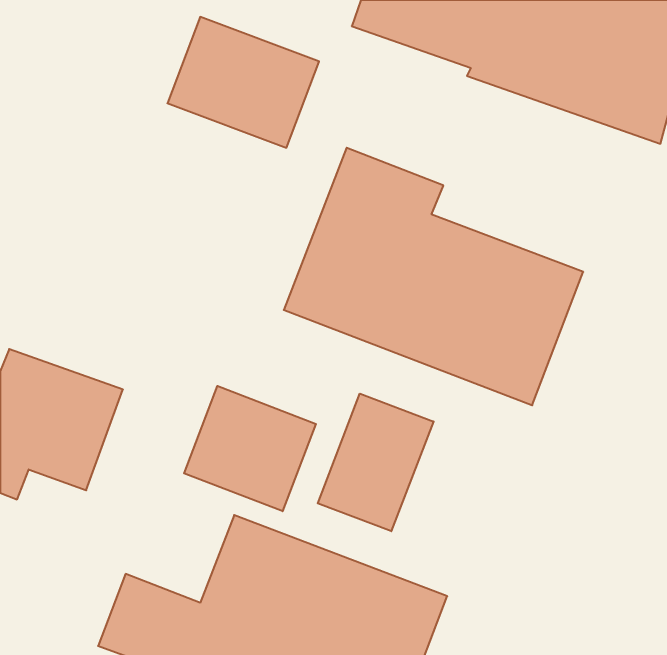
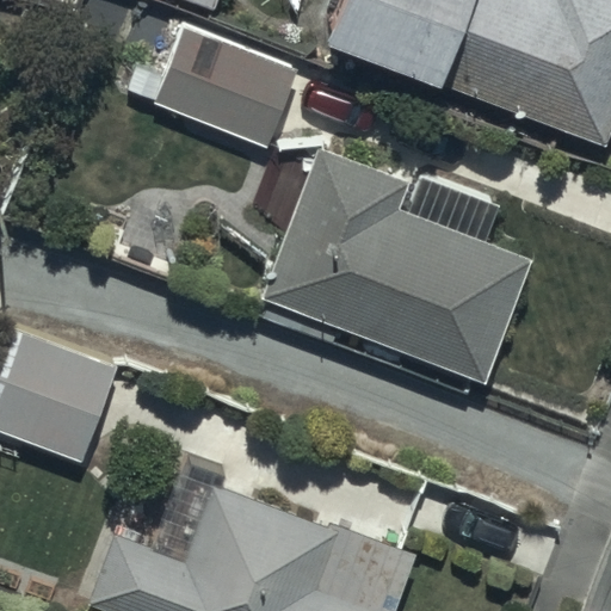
building: [184,386,316,511] -> none
building: [318,394,434,531] -> none

